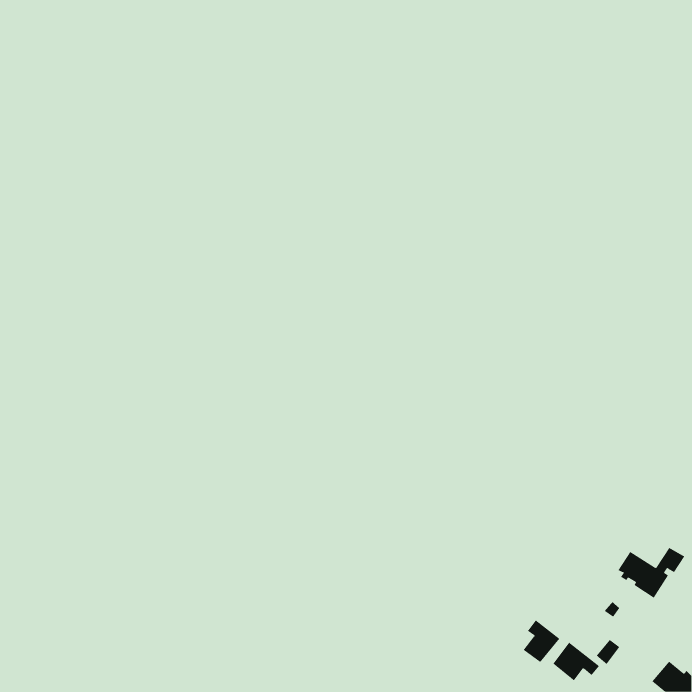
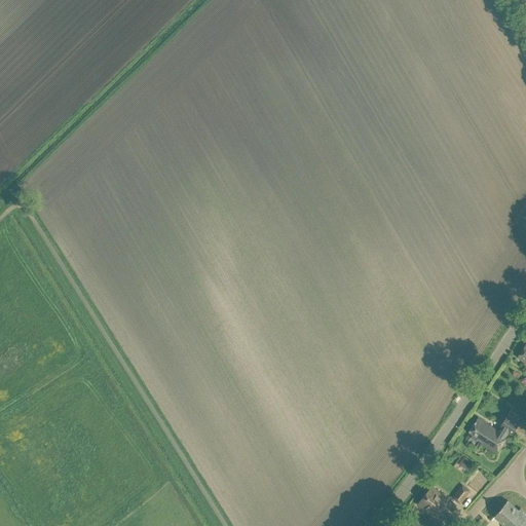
building: [523,620,560,663] -> none

